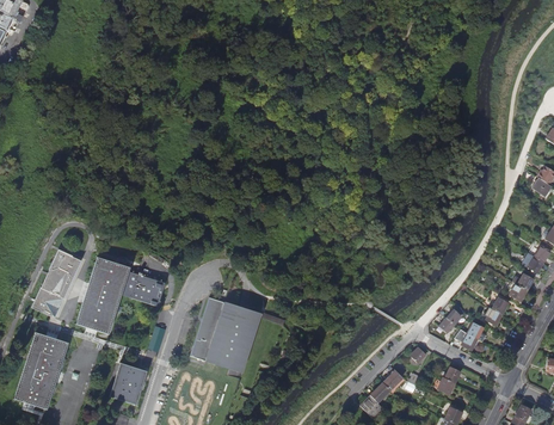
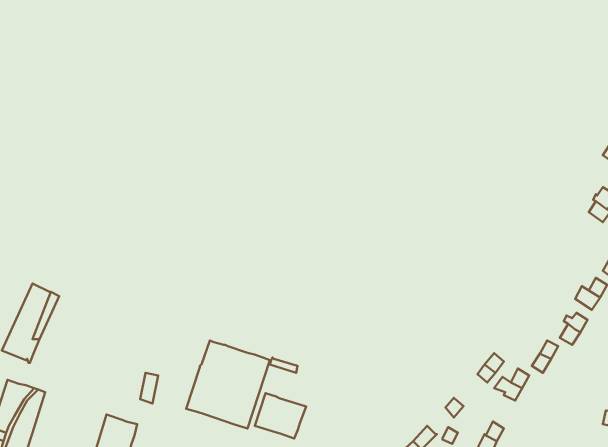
building: [75,257,164,335] -> none
building: none -> [255,393,306,439]

